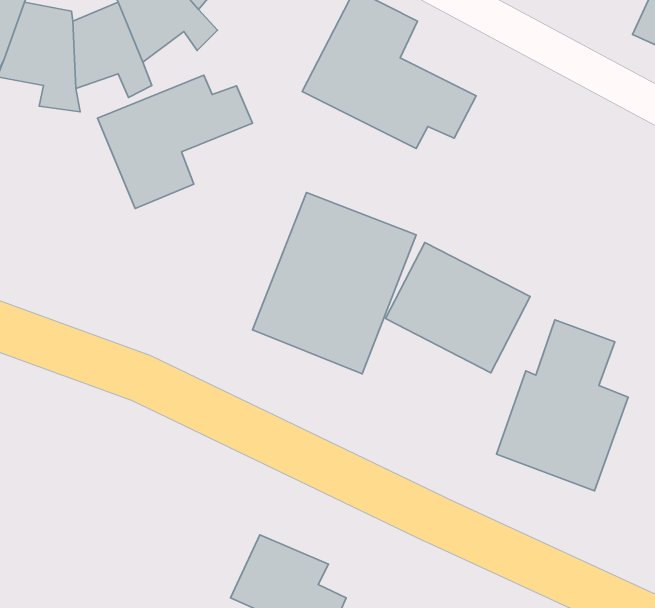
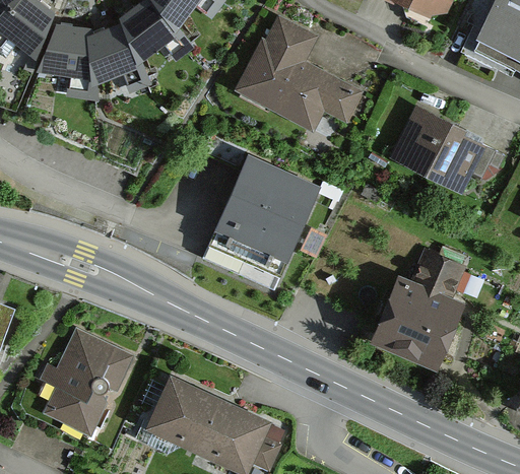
building: [97,75,252,208] -> none
building: [386,243,530,373] -> [384,107,484,197]
building: none -> [44,328,124,426]
building: none -> [147,374,214,438]

